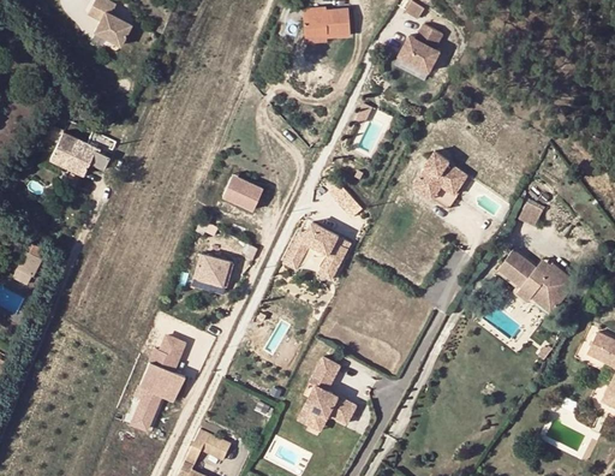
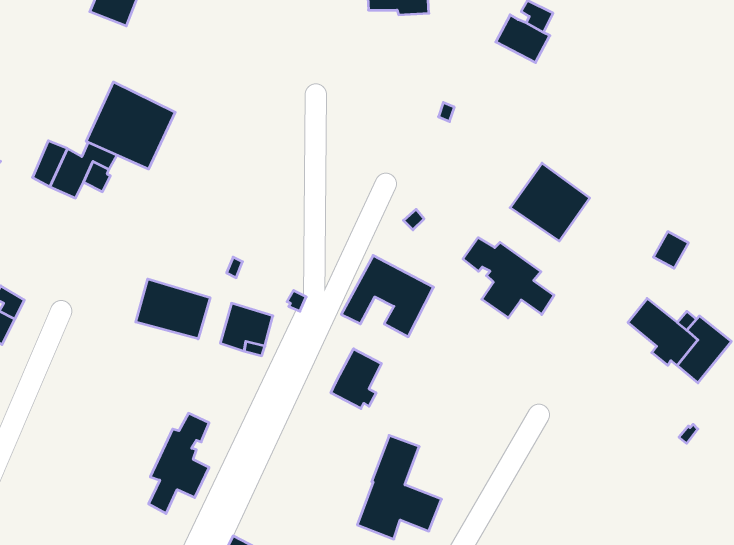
building: none -> [86,82,175,169]
building: [219,172,263,210] -> none
building: none -> [463,238,554,318]
building: none -> [136,279,210,339]
building: none -> [331,349,381,409]

